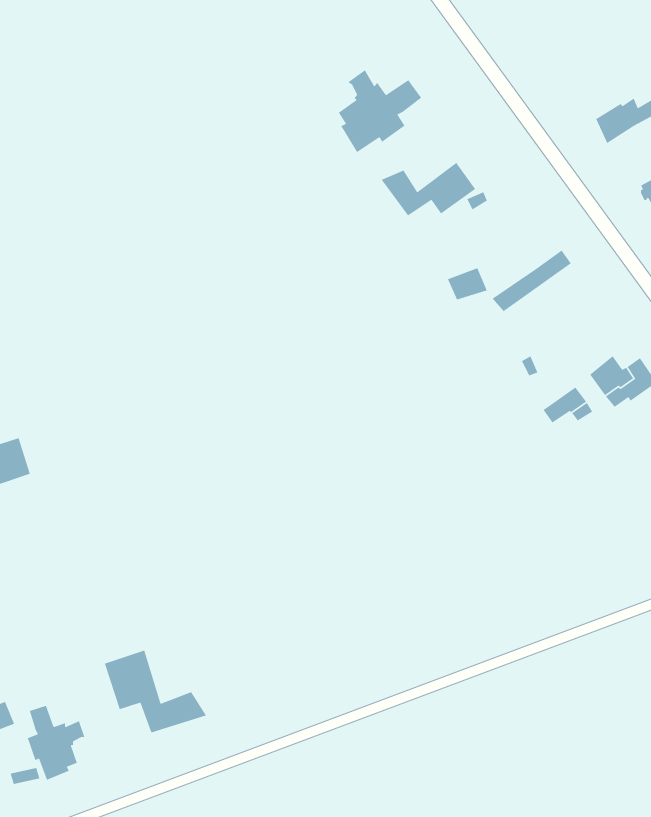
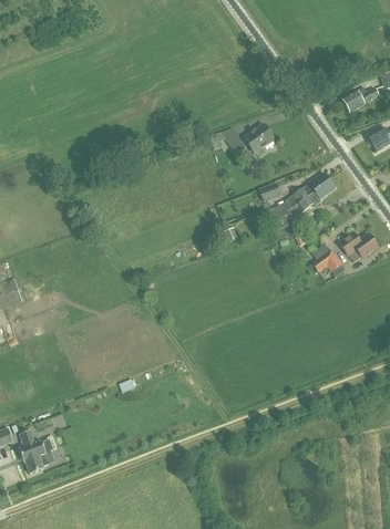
building: [338,69,422,153] -> none
building: none -> [269,180,333,229]
building: [104,650,207,734] -> none

